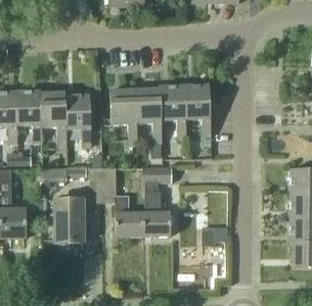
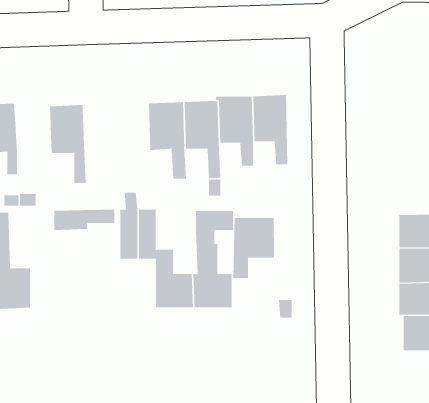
building: [15,90,43,142] -> none
building: [64,95,91,147] -> none
building: none -> [233,217,274,279]
building: [54,200,85,243] -> none

